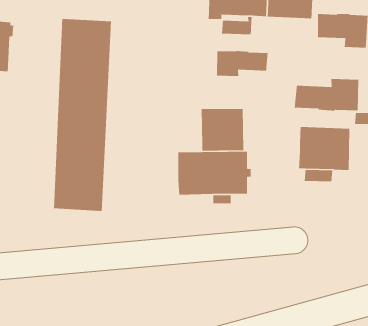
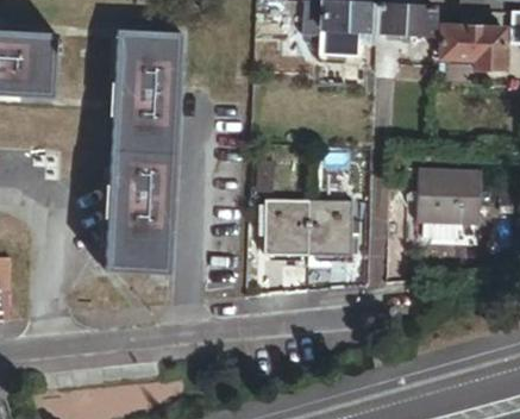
building: [216,50,268,77] -> none
building: [294,78,359,111] -> none
building: [201,108,244,152] -> none

